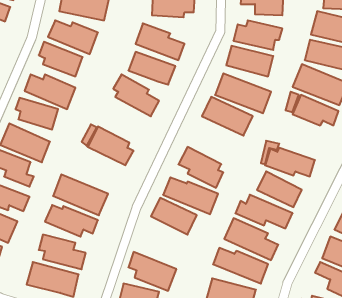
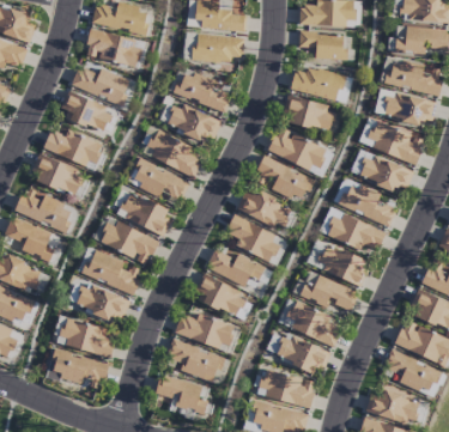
building: none -> [128,157,190,199]
building: none -> [333,177,396,226]
building: none -> [236,190,292,227]
building: none -> [95,221,158,264]
building: none -> [175,312,236,349]

